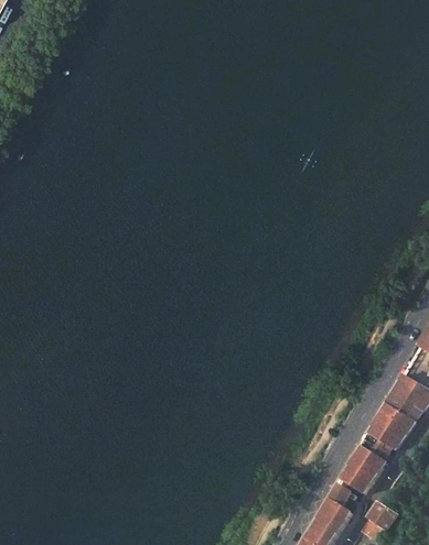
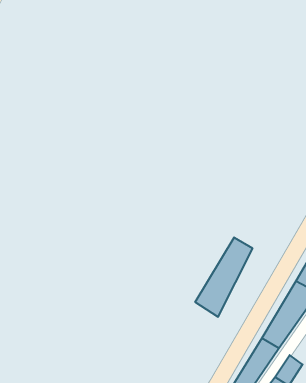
building: none -> [195,237,252,317]

